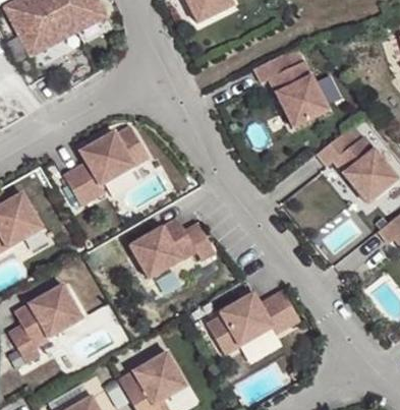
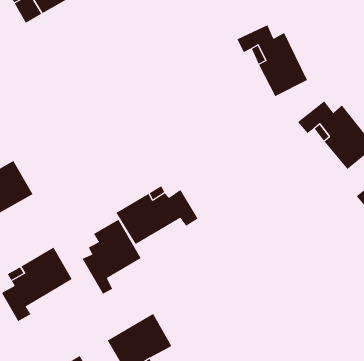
building: [60,127,147,207] -> none
building: none -> [82,219,141,295]
building: [206,290,299,356] -> none

